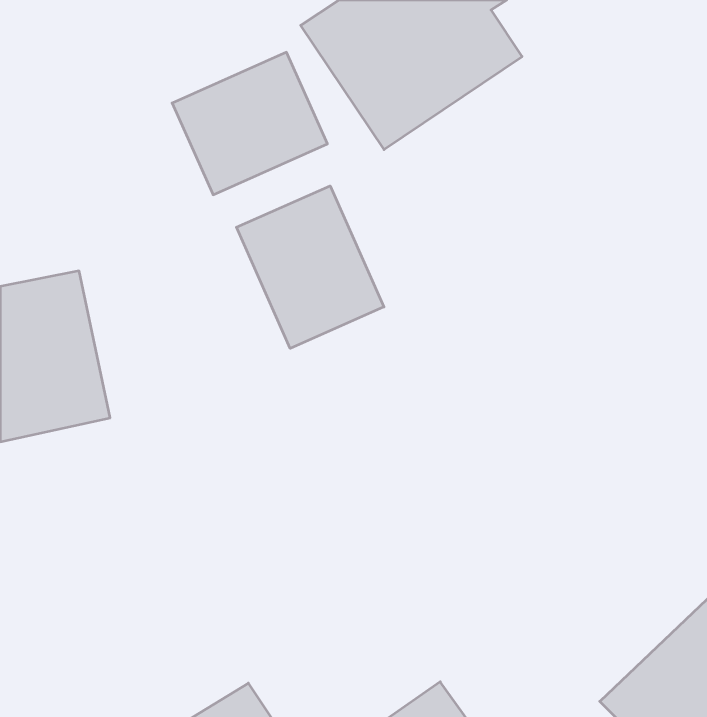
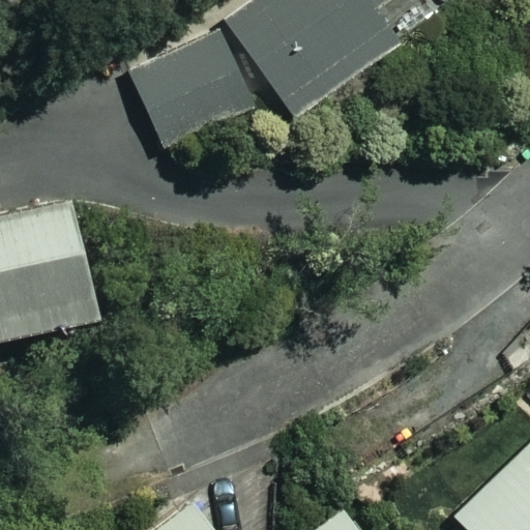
building: [236,186,384,348] -> none

